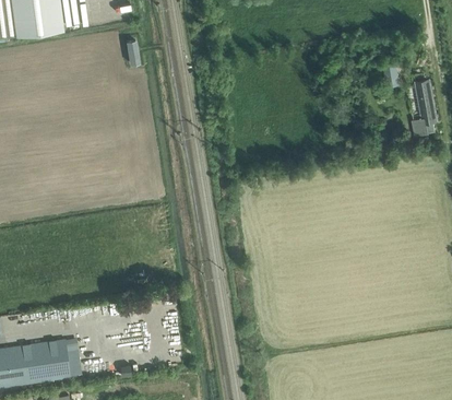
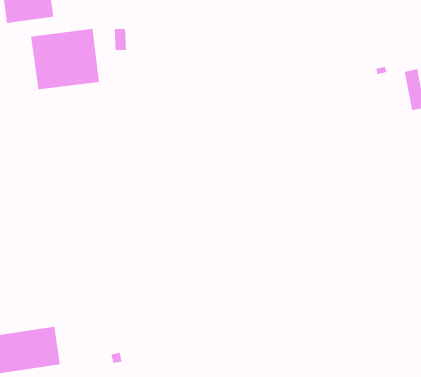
building: none -> [30,28,100,90]

